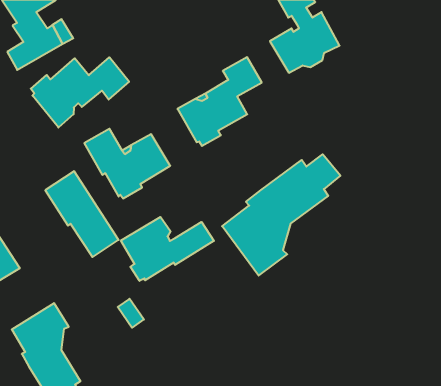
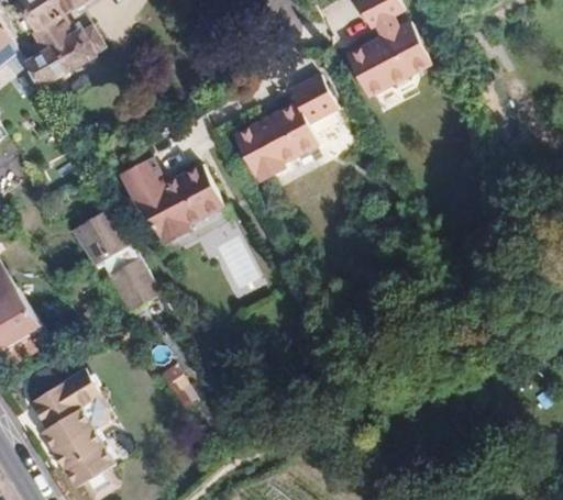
building: [31,57,129,128] -> none
building: [222,154,340,276] -> none
building: [121,217,214,281] -> none

